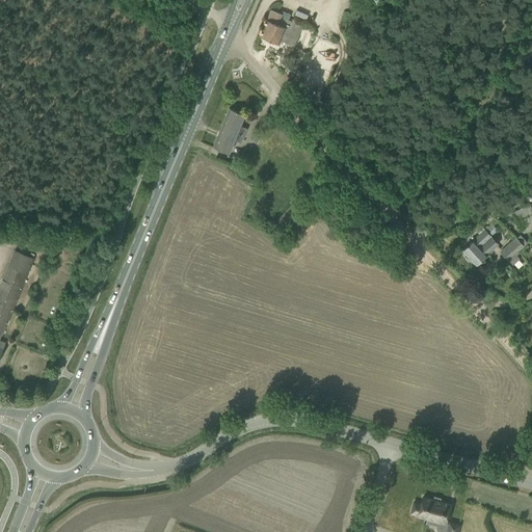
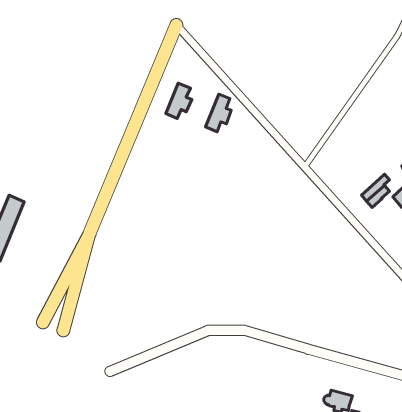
building: [259,11,301,48] -> none
building: none -> [206,94,231,132]

